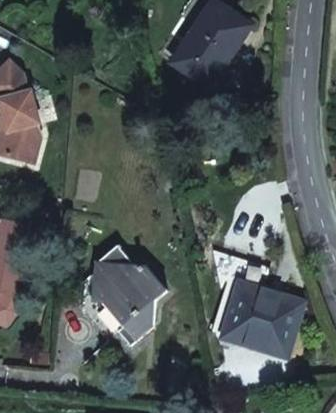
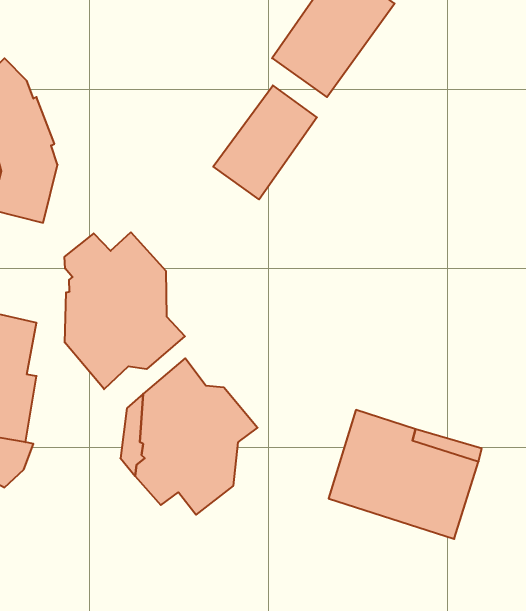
building: none -> [213,85,317,199]
building: none -> [65,232,185,389]

